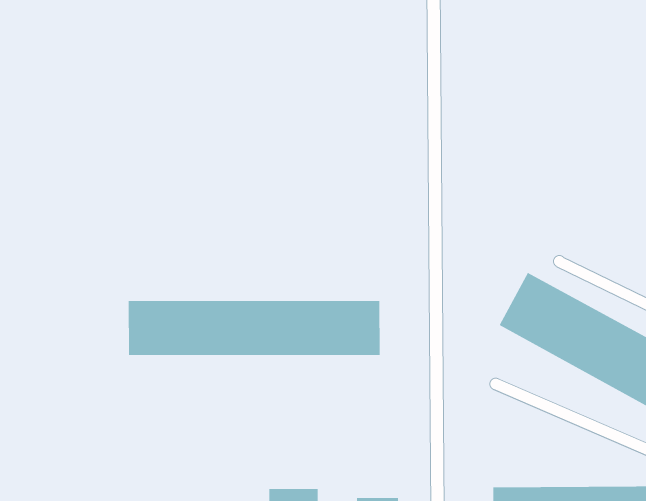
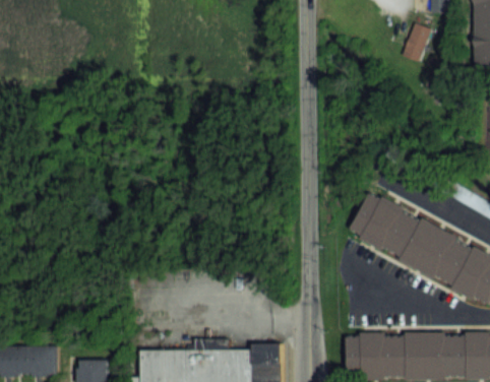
building: none -> [402,23,432,64]
building: [128,300,380,356] -> none

